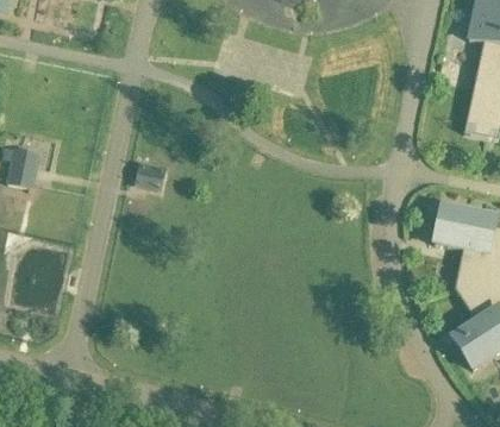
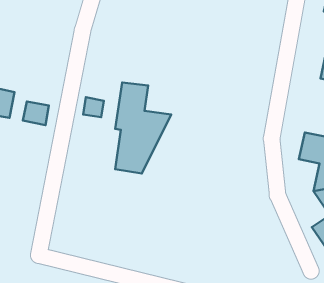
building: none -> [115,82,171,174]
building: none -> [23,102,49,125]

